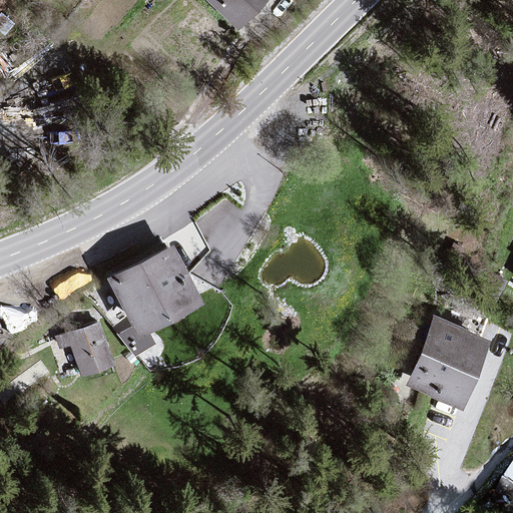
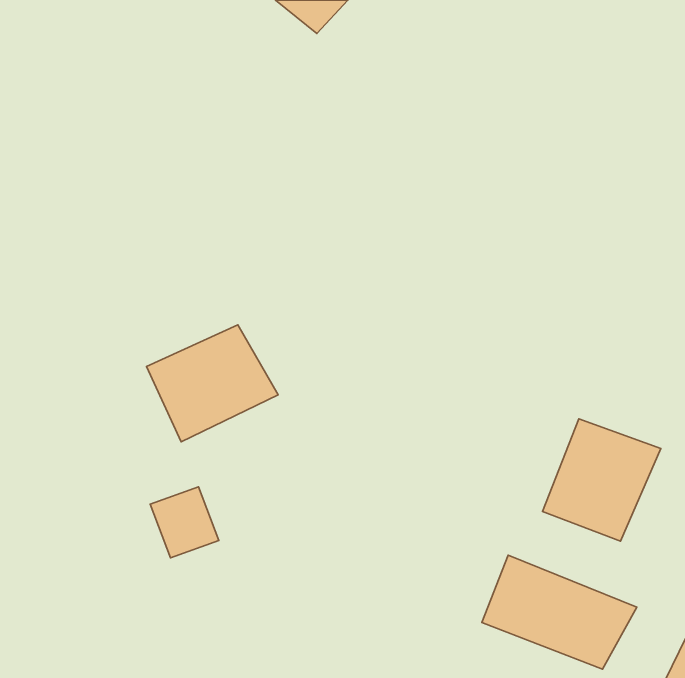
building: [63,322,114,375] -> [150,487,219,558]
building: none -> [482,555,637,669]

